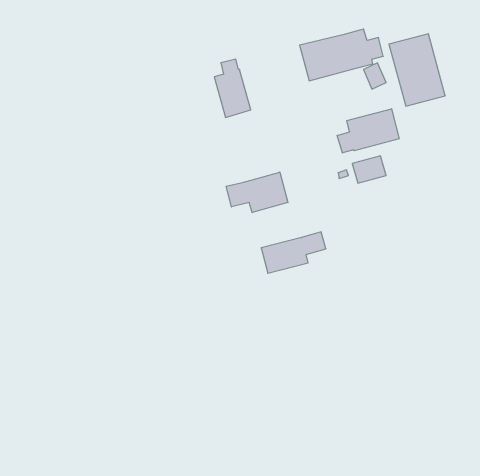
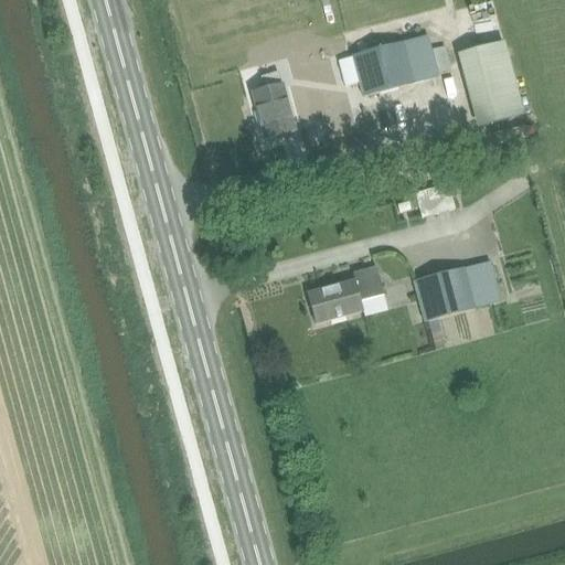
building: [337,109,399,153] -> none
building: [226,172,288,213] -> none
building: none -> [413,259,500,320]

